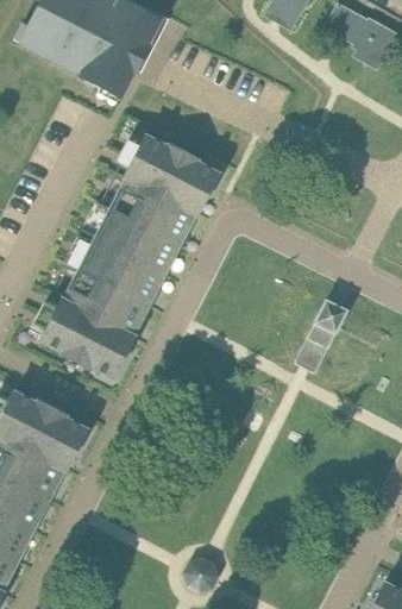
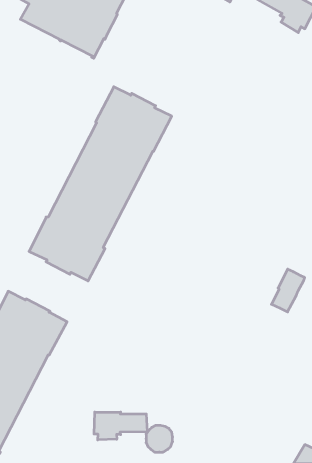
building: [306,297,347,351] -> [271,269,305,312]
building: none -> [94,412,147,440]

